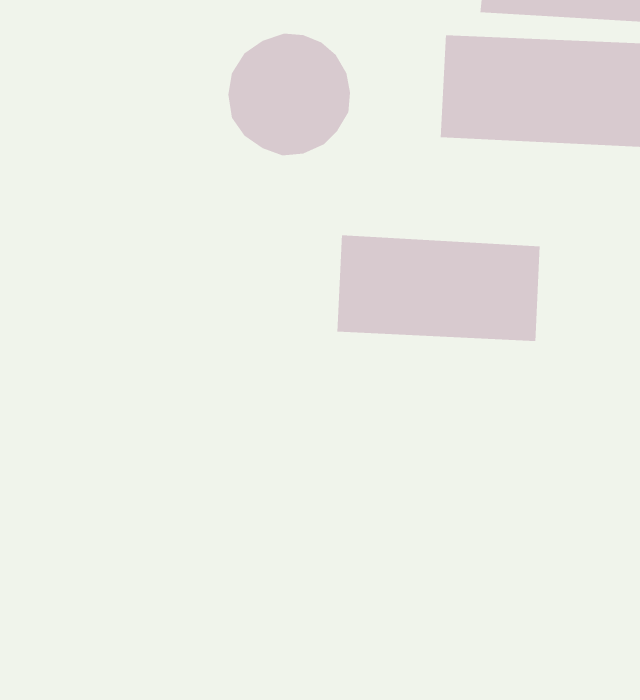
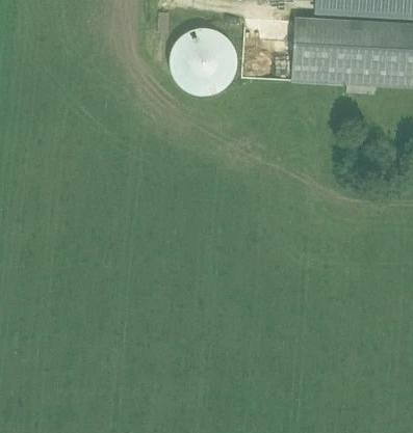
building: [337,234,541,342] -> none

